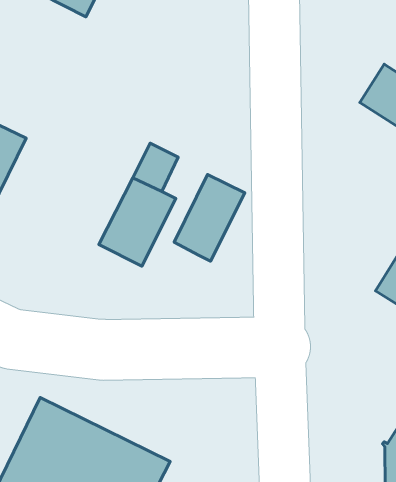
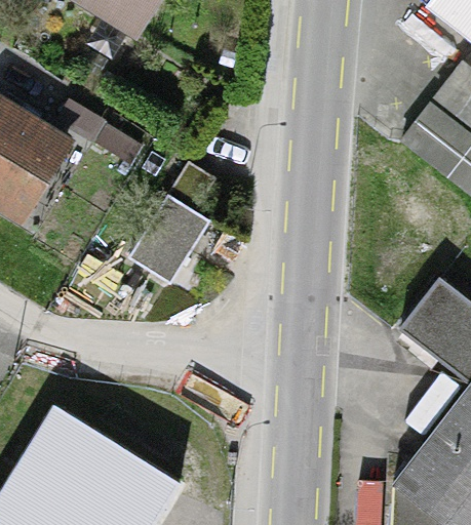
building: [174,174,245,261] -> none

